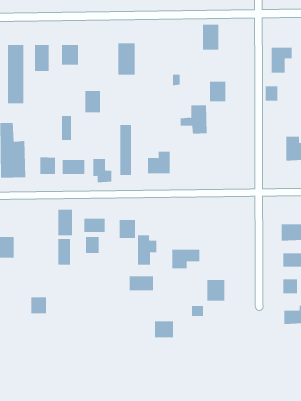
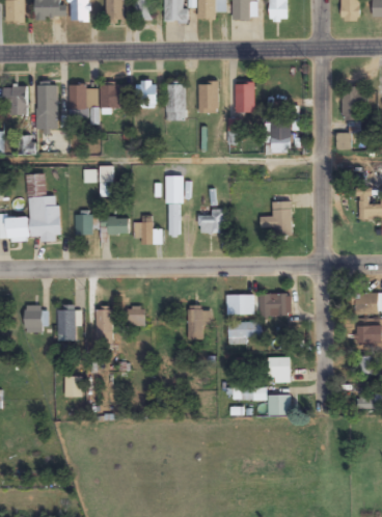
building: [202,24,219,50] -> [235,82,254,112]
building: none -> [198,81,218,113]
building: [85,90,101,113] -> [137,81,156,107]
building: [180,105,208,134] -> [260,201,292,236]
building: [57,209,73,236] -> [57,308,75,339]
building: [84,218,105,233] -> none
building: [119,220,136,238] -> [225,293,245,315]
building: none -> [260,292,291,316]
building: [129,275,154,291] -> none
building: [154,321,174,338] -> [268,393,291,413]

